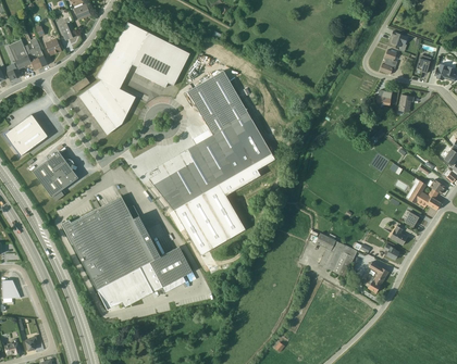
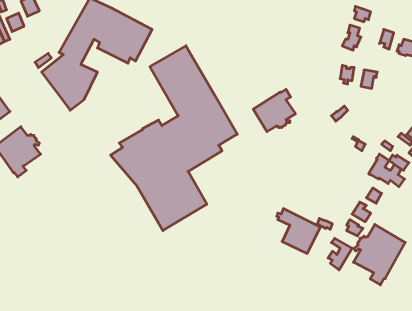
building: none -> [253,89,295,132]
building: [61,194,192,309] -> none
building: none -> [353,224,405,285]

